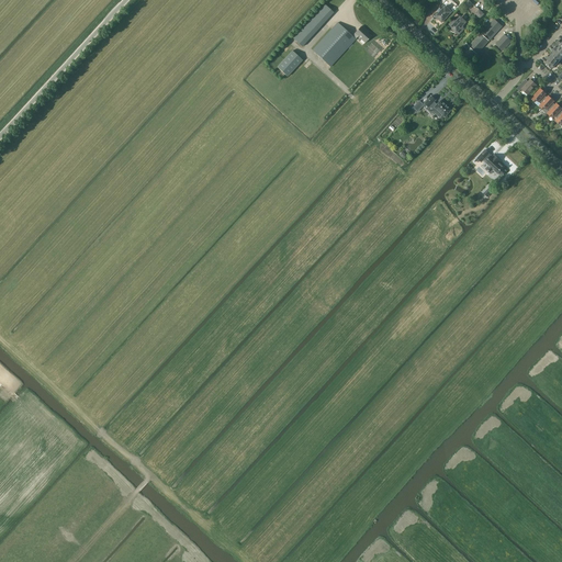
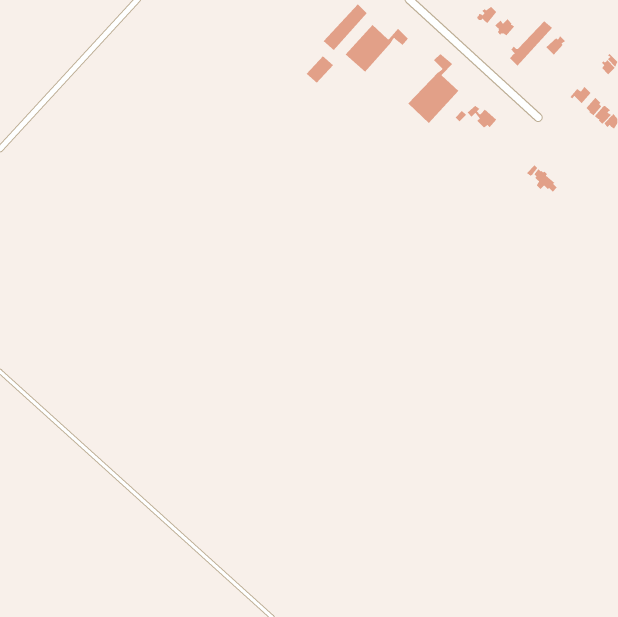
building: none -> [407,53,459,124]

